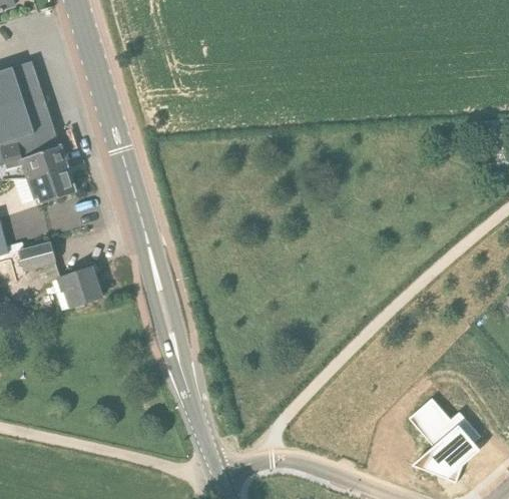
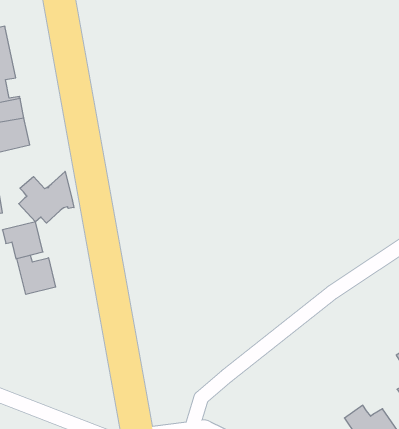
building: none -> [19,171,74,223]
building: none -> [17,255,56,294]

